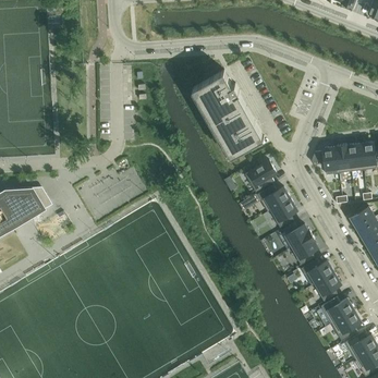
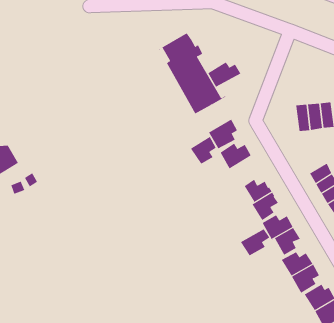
building: none -> [207,62,241,88]
building: [310,147,339,174] -> none
building: [267,198,296,228] -> [188,136,217,165]
building: none -> [240,228,270,256]

